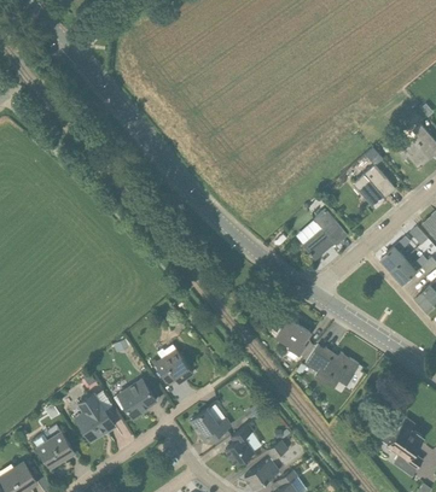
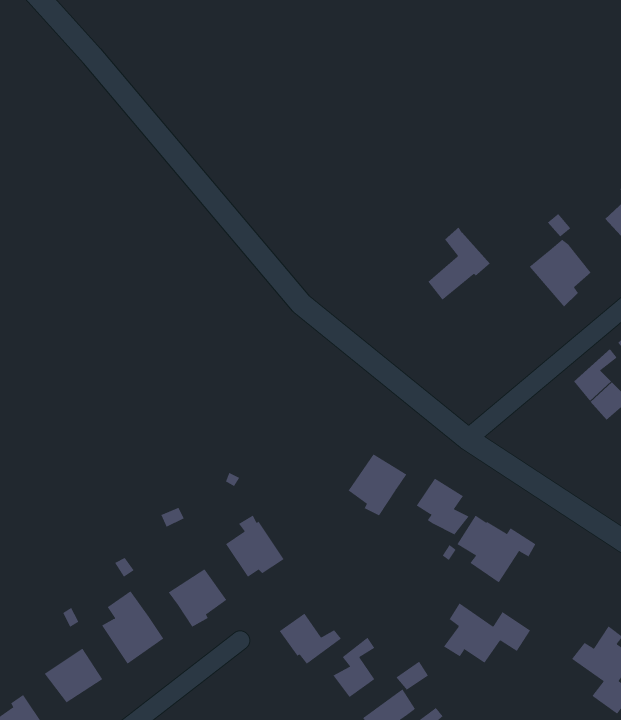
building: [304,209,345,257] -> [427,227,490,300]
building: none -> [348,453,407,516]
building: none -> [443,603,531,664]

